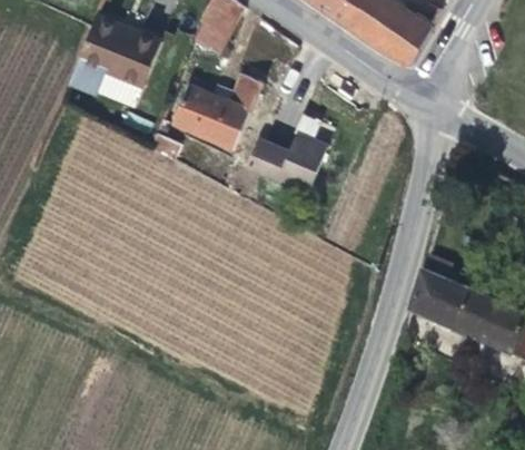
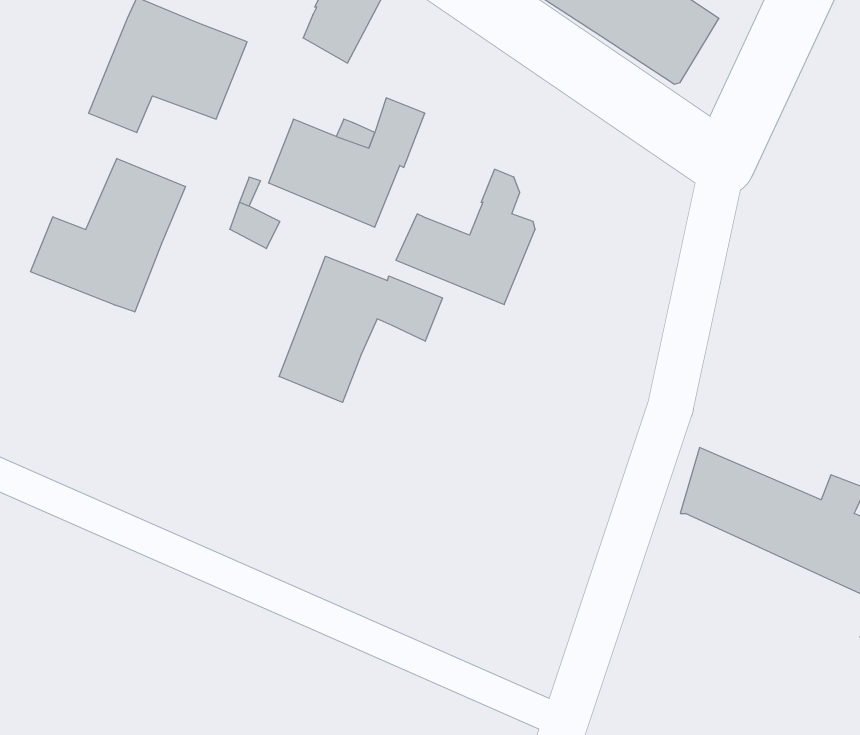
building: none -> [31,158,185,312]
building: none -> [279,256,443,402]

